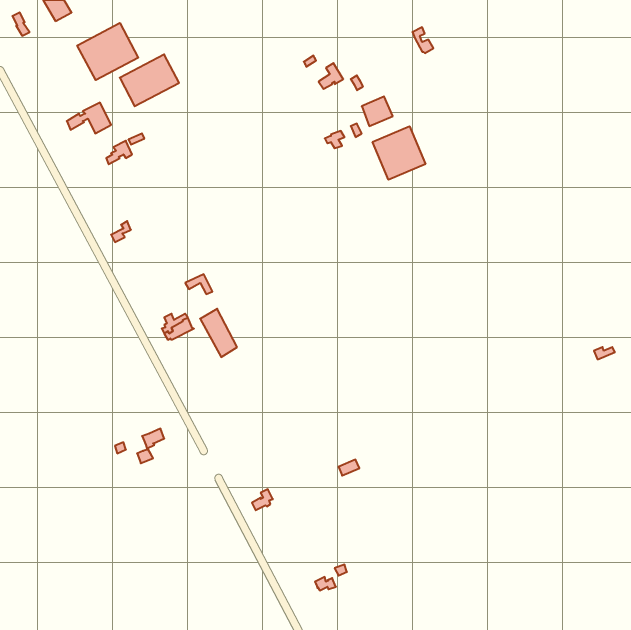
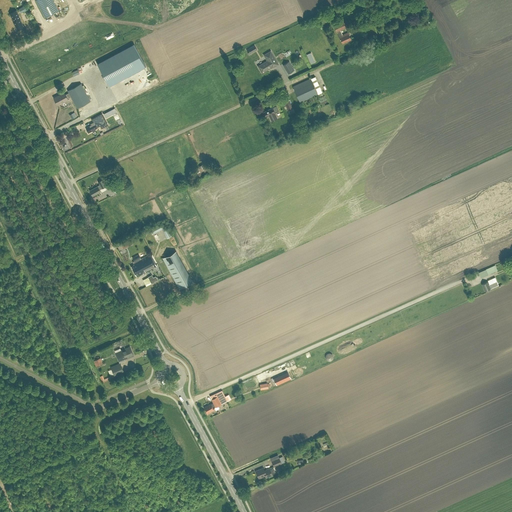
building: [77,23,138,80] -> none
building: [373,126,425,180] -> none

